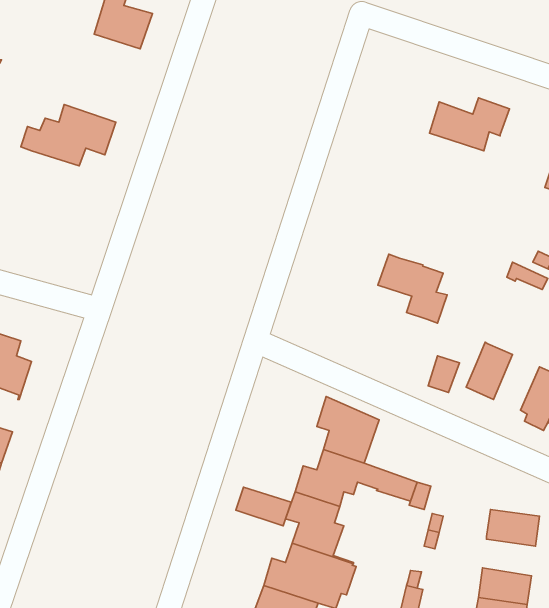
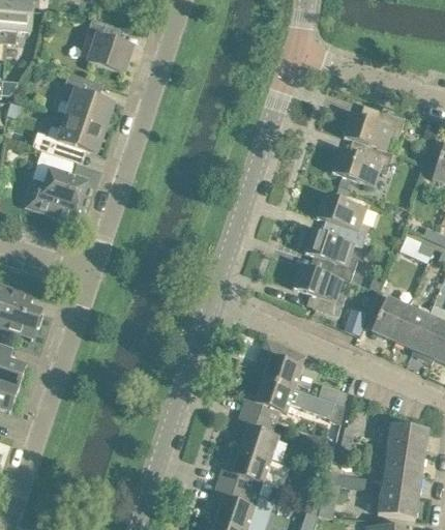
building: none -> [59,72,113,128]
building: none -> [331,145,392,185]
building: none -> [24,150,87,226]
building: none -> [317,194,368,245]
building: none -> [293,264,345,316]
building: none -> [392,305,427,348]
building: [236,487,291,526] -> none
building: none -> [384,446,424,474]

